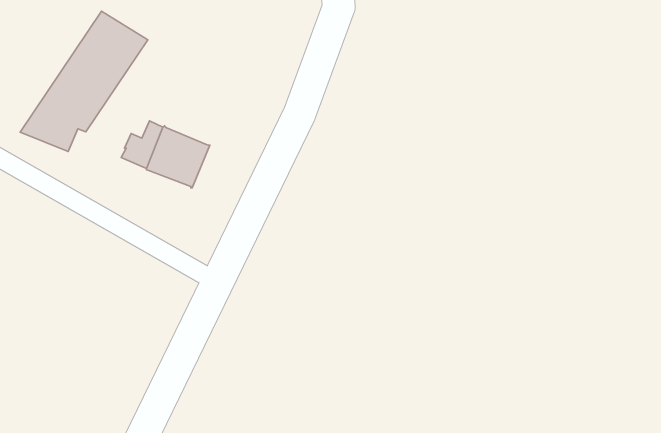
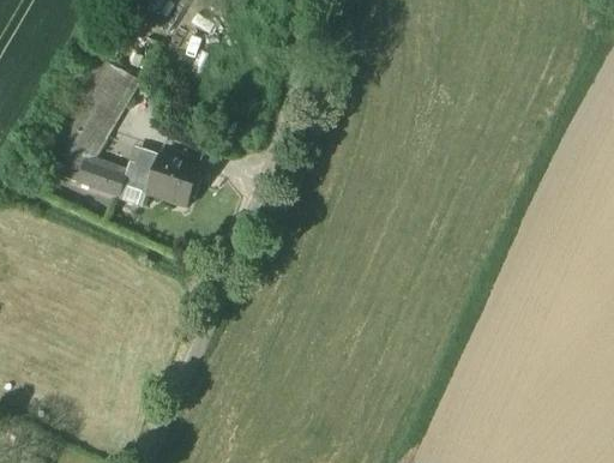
building: none -> [78,160,128,194]

